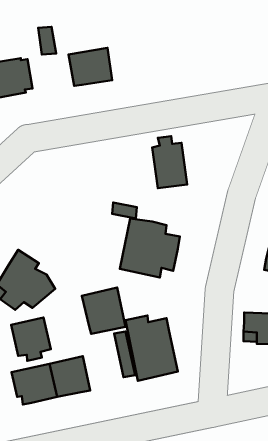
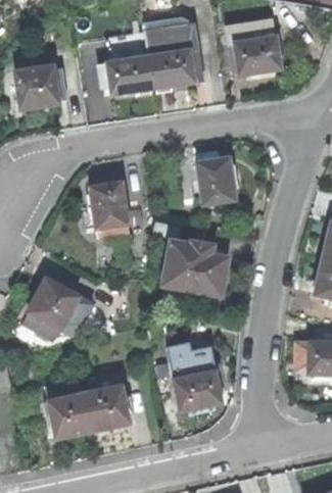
building: none -> [142,16,201,89]
building: none -> [225,18,279,76]
building: none -> [83,179,128,232]
building: [82,288,126,334] -> none
building: [11,317,51,361] -> none

